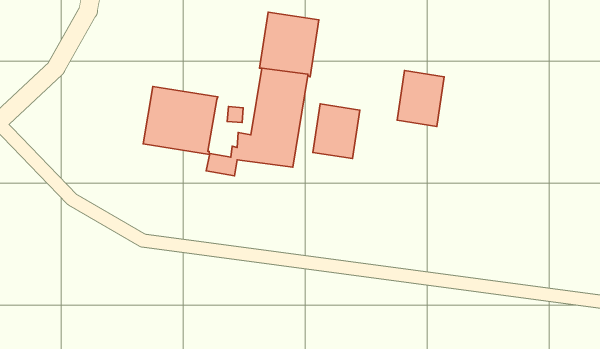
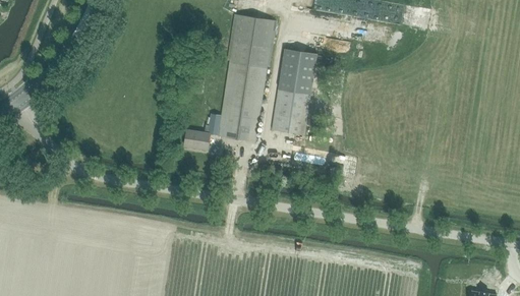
building: [397,71,444,126] -> [277,48,315,94]
building: [143,86,218,155] -> none

